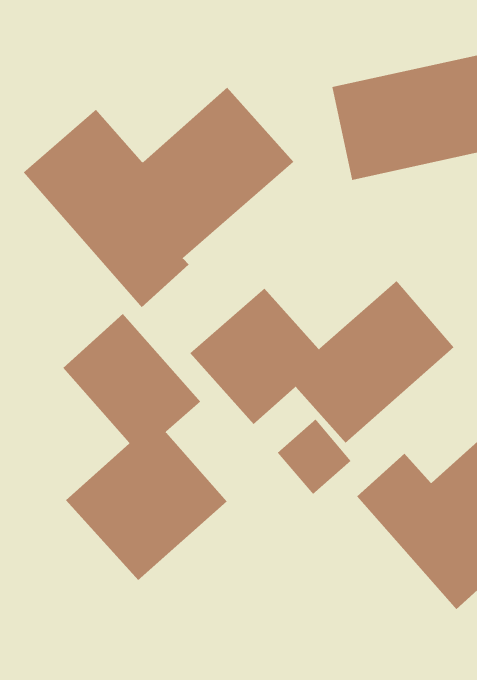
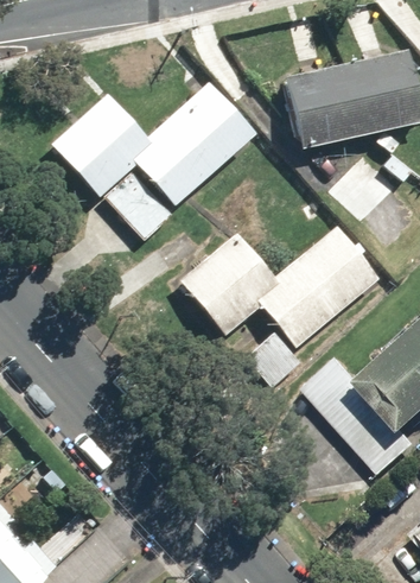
building: [62,313,228,581] -> none

